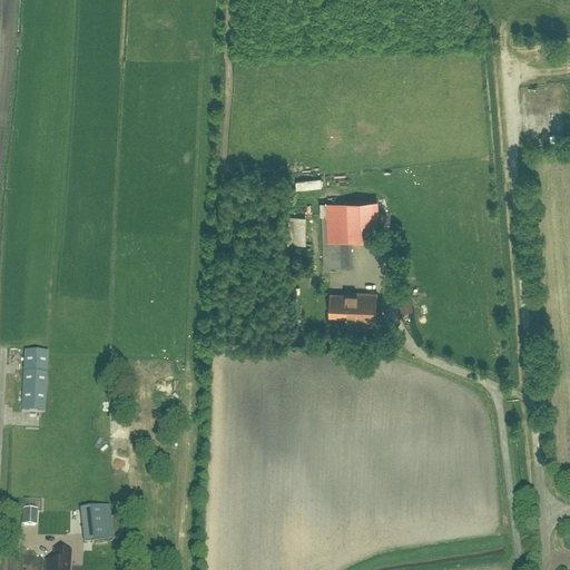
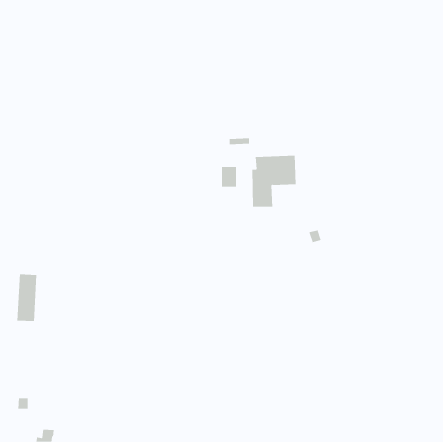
building: [330,293,377,318] -> none
building: [80,505,112,542] -> none

